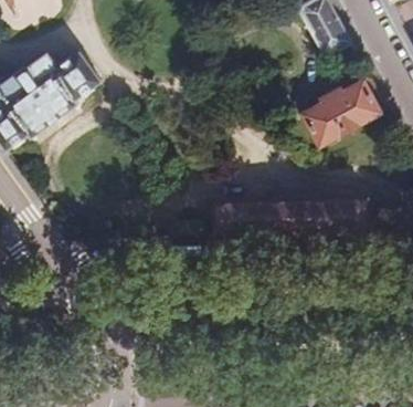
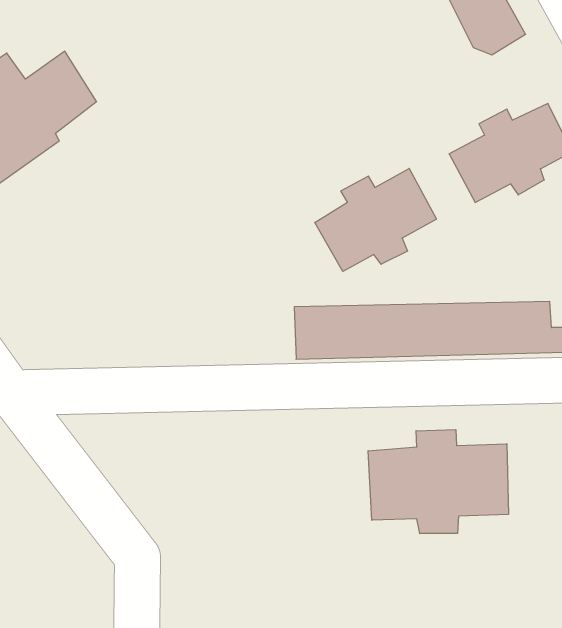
building: none -> [315,168,436,271]
building: none -> [368,430,509,534]

